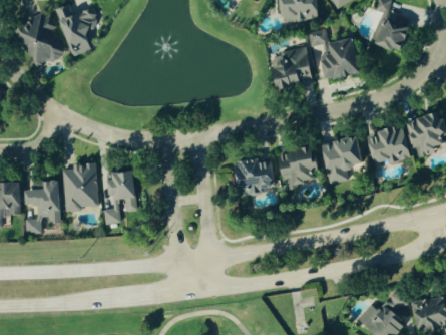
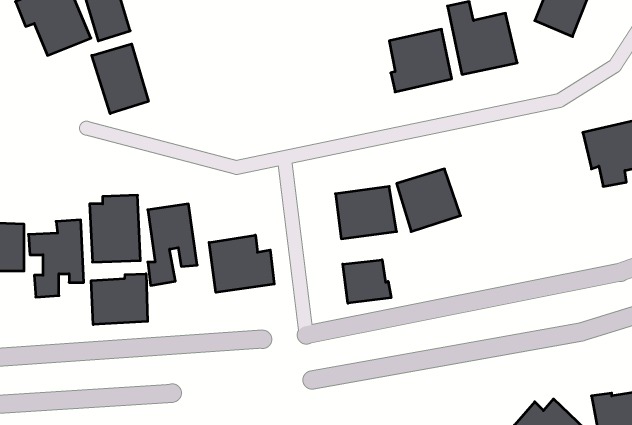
building: none -> [92,44,148,114]
building: [365,127,410,165] -> none
building: [321,135,364,184] -> none
building: none -> [209,235,274,292]
building: none -> [343,260,391,303]
building: none -> [91,274,148,325]

